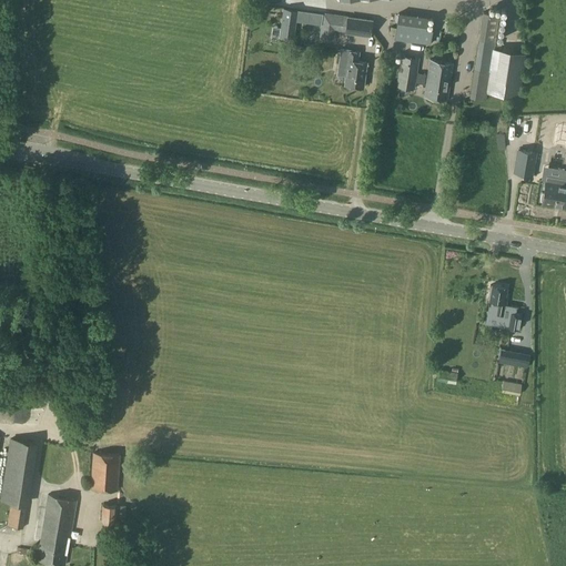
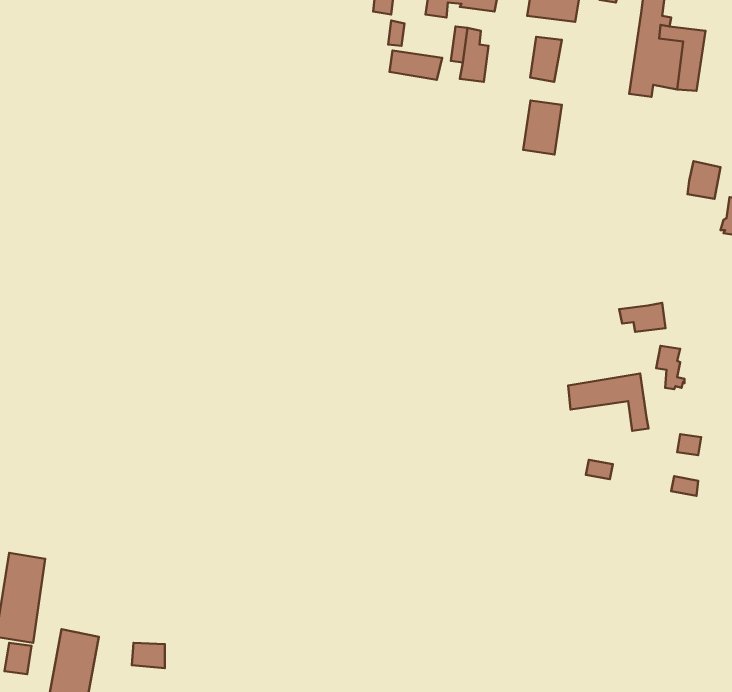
building: [424,61,453,101] -> [523,100,562,154]
building: none -> [390,50,442,80]
building: none -> [619,303,665,332]
building: none -> [568,374,648,431]
building: [90,454,121,493] -> none

